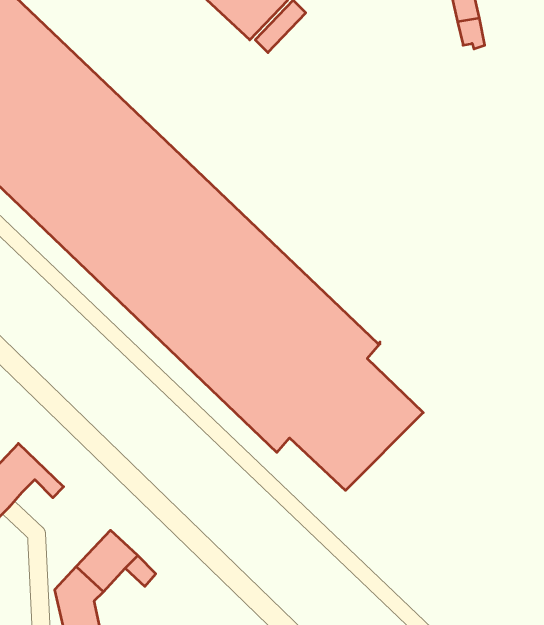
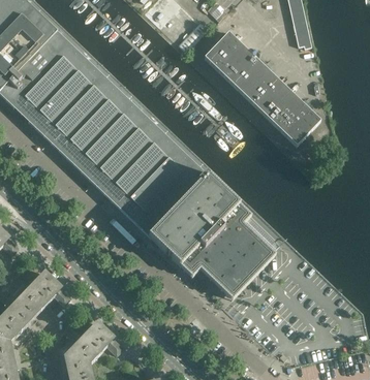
building: none -> [205,30,320,144]

